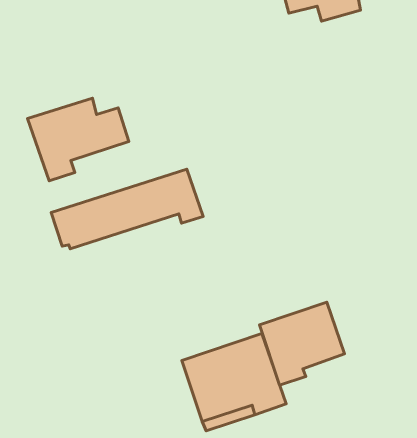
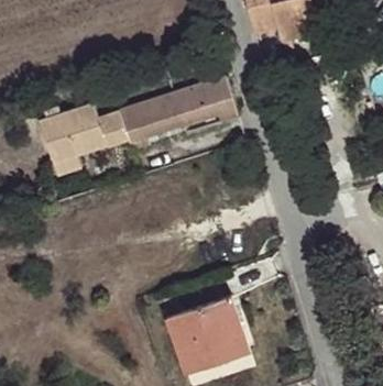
building: [51,169,203,249] -> [114,76,238,141]
building: [260,302,345,385] -> none

